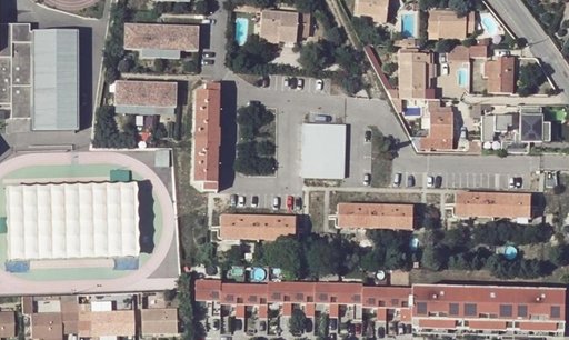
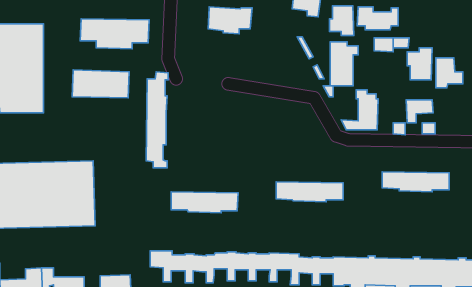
building: none -> [330,6,354,35]
building: [520,107,550,140] -> [436,58,463,88]
building: [302,122,345,177] -> none

